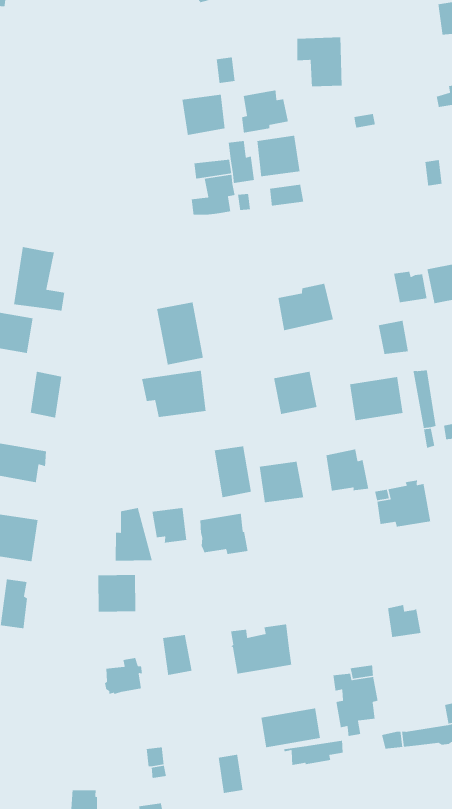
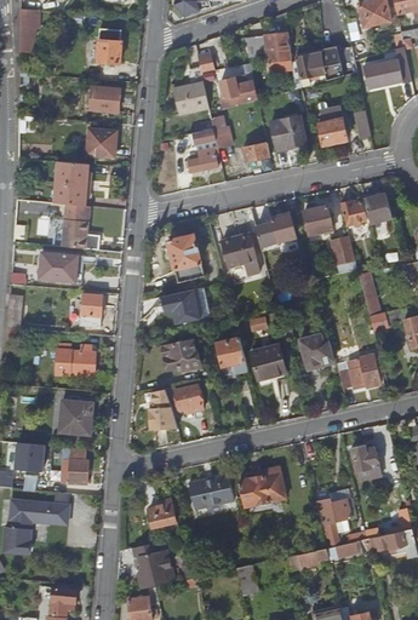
building: none -> [97,28,122,64]
building: none -> [296,52,338,81]
building: none -> [90,87,120,113]
building: [257,135,300,177] -> [271,116,305,149]
building: none -> [317,105,348,145]
building: none -> [86,130,116,157]
building: none -> [56,161,88,206]
building: none -> [304,207,332,235]
building: [273,371,317,415] -> [222,234,256,268]
building: [349,376,403,421] -> none
building: [200,513,248,555] -> [162,339,200,371]
building: [97,574,136,613] -> none
building: none -> [206,476,235,506]
building: [260,707,321,748] -> none
building: none -> [132,542,174,590]

